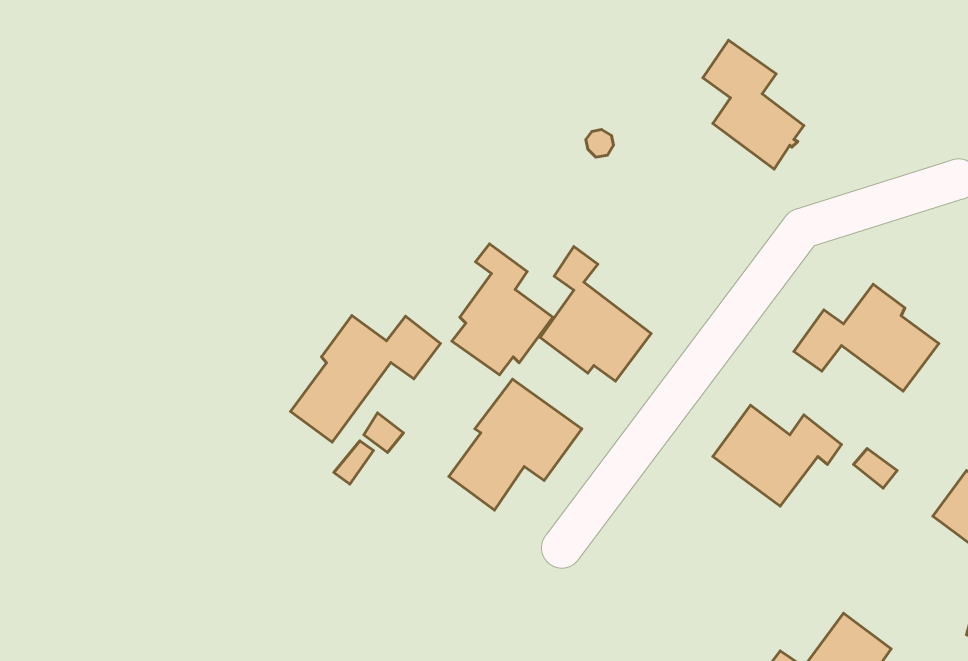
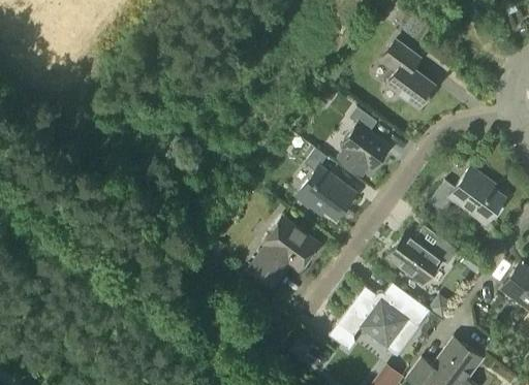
building: [452,244,553,375] -> [338,108,391,177]
building: [290,315,441,442] -> none
building: none -> [330,283,431,351]

